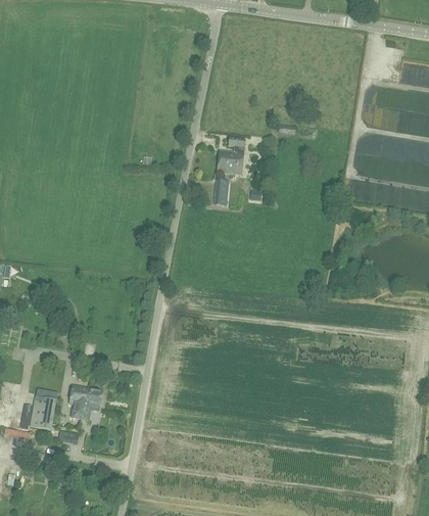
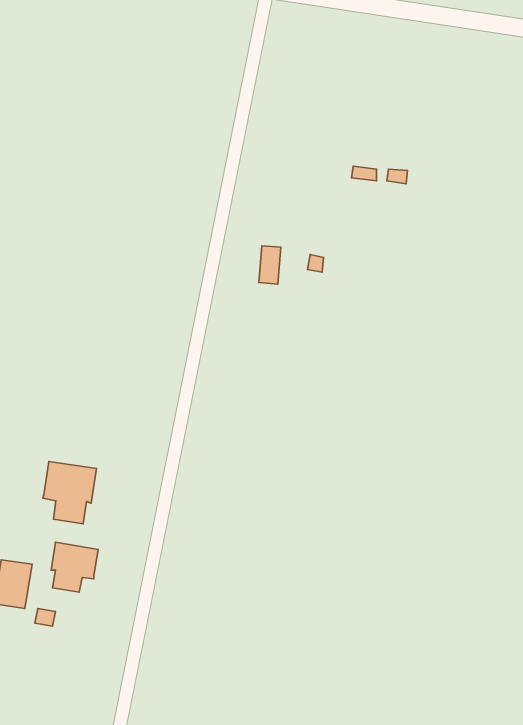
building: [218,137,245,174] -> none
building: none -> [43,462,97,524]

